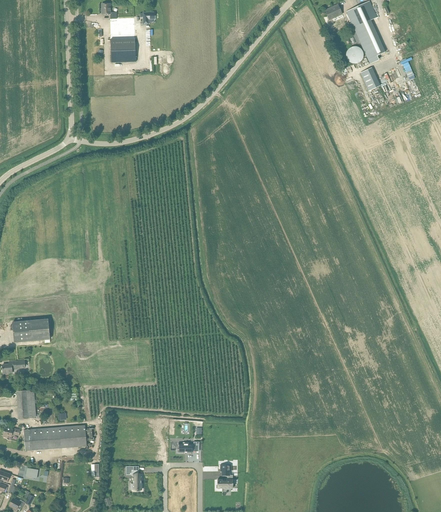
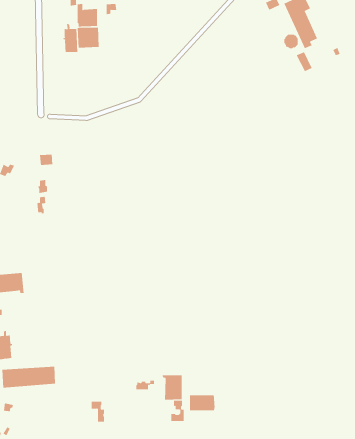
building: none -> [63,23,78,53]
building: none -> [162,374,182,400]
building: none -> [189,394,215,411]

